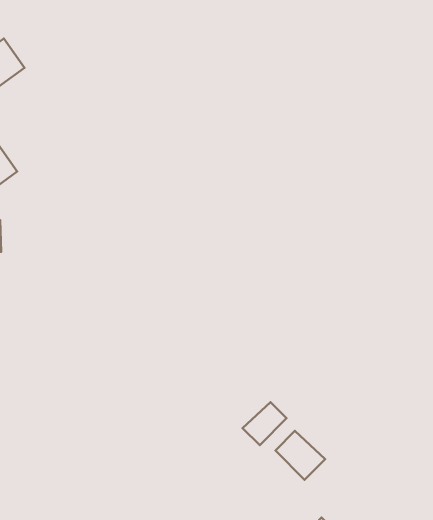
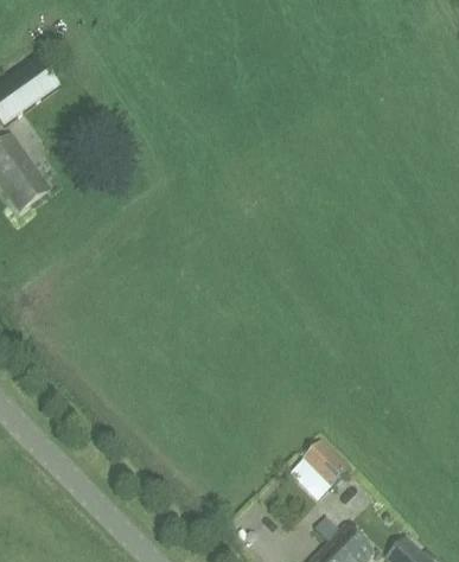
building: [243,402,287,445] -> none

